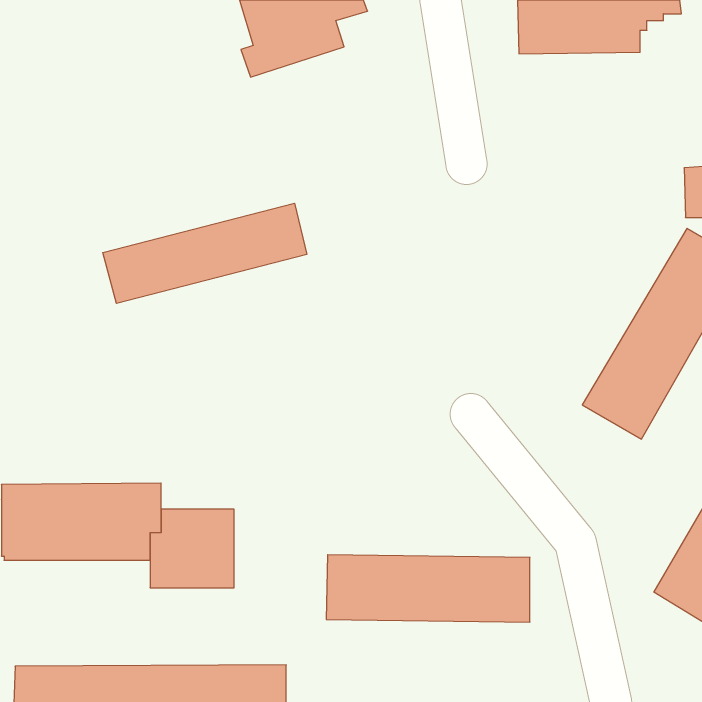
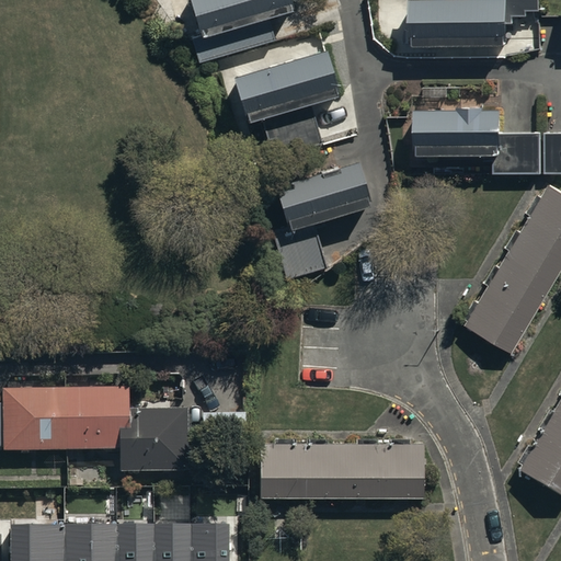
building: none -> [233,50,340,122]
building: none -> [419,104,543,175]
building: none -> [275,157,371,278]
building: [103,203,307,303] -> none

